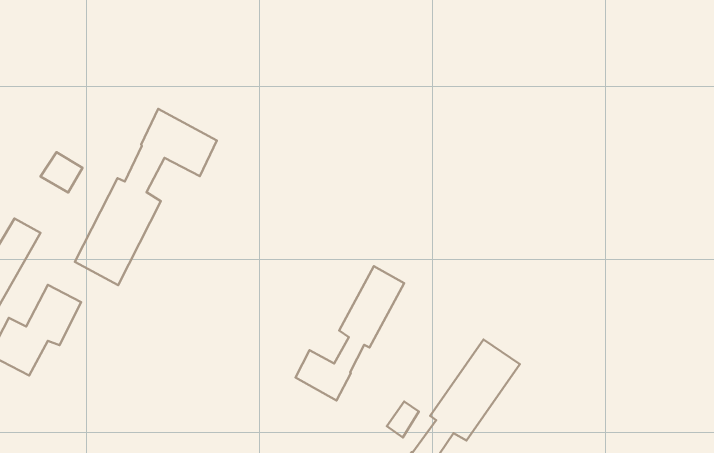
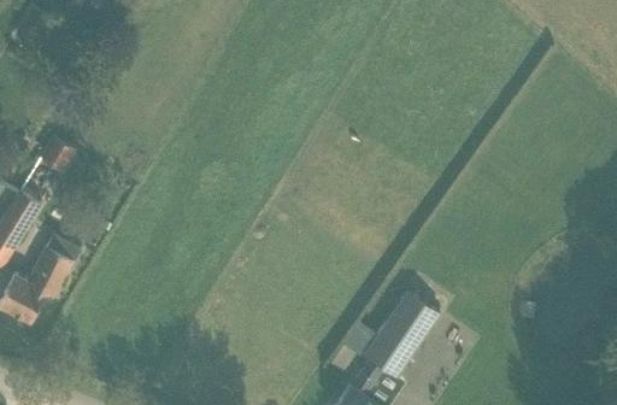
building: [75,109,217,285] -> none
building: [295,266,404,401] -> none

